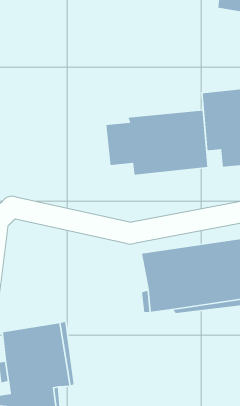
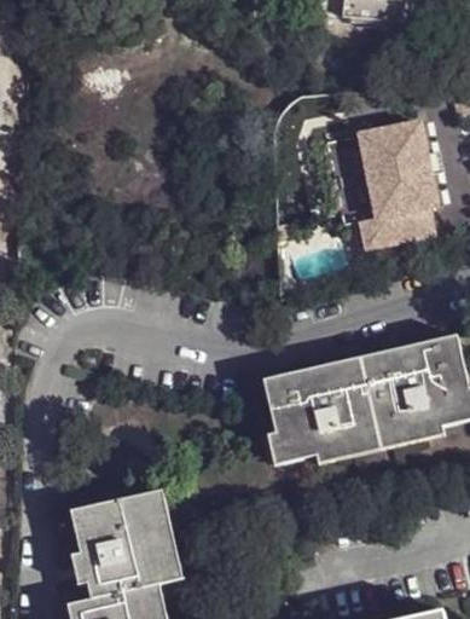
building: [106,110,208,176] -> none

